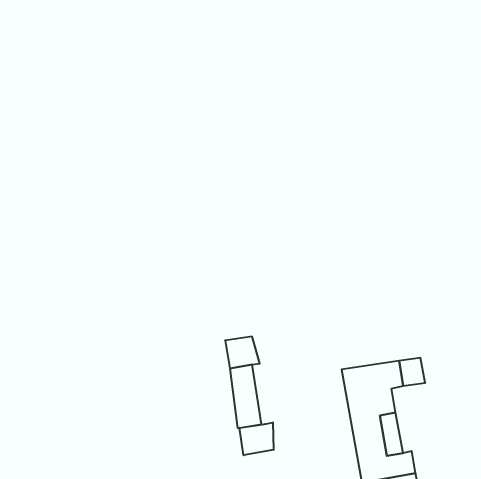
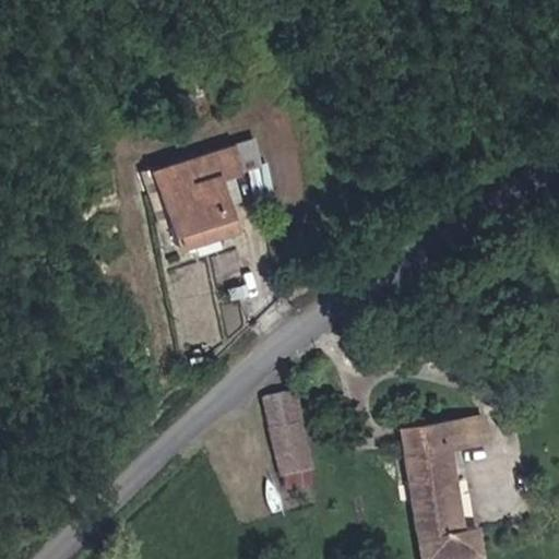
building: none -> [154,138,252,242]
building: [240,422,274,455] -> none

